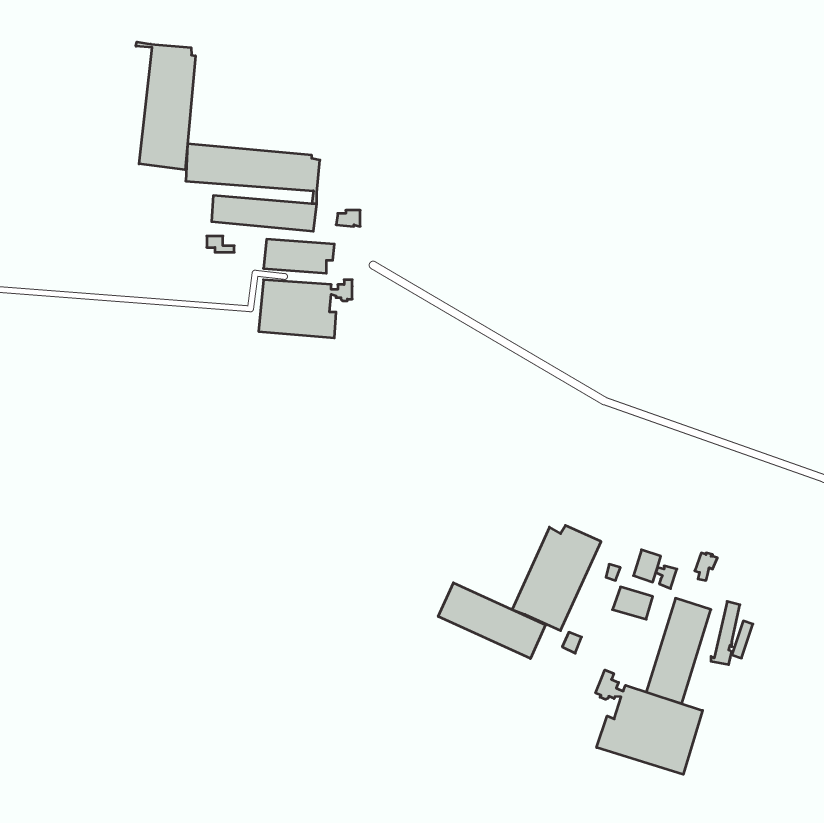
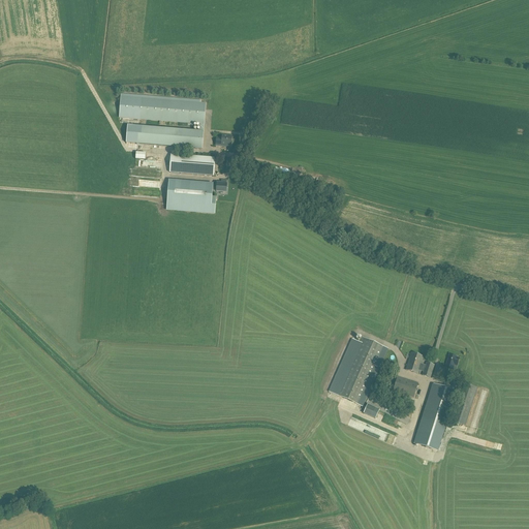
building: [136,42,195,170] -> none
building: [438,583,545,659] -> none
building: [596,670,703,774] -> none

